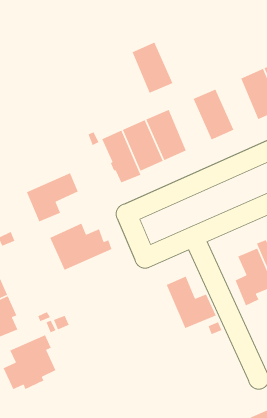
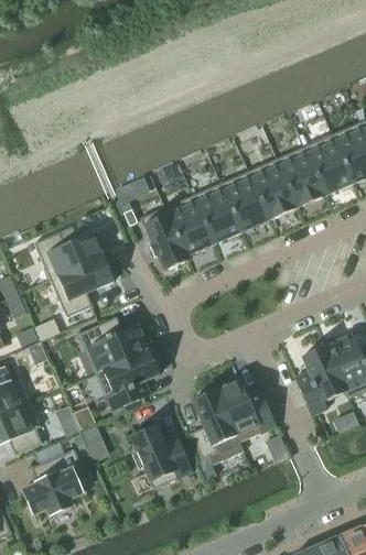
building: [132,42,174,94] -> [220,170,270,231]
building: none -> [276,145,325,207]
building: none -> [34,231,104,280]
building: none -> [96,348,160,411]
building: none -> [191,389,243,465]
building: none -> [130,424,193,489]

